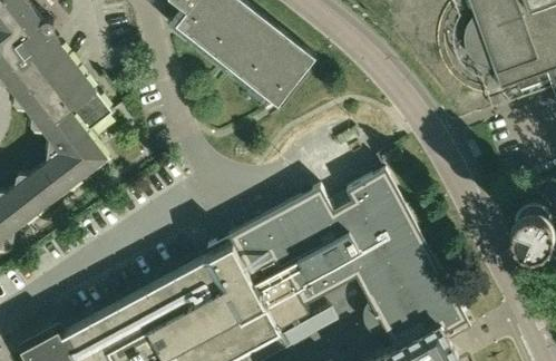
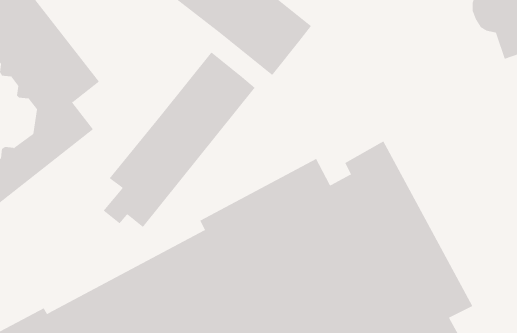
building: none -> [103,52,255,228]

